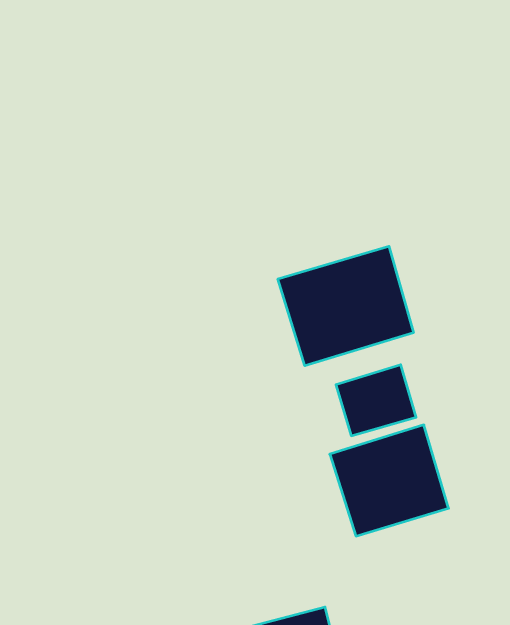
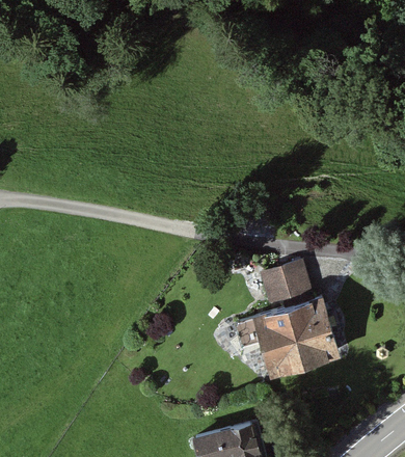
building: [278,246,413,366] -> none

